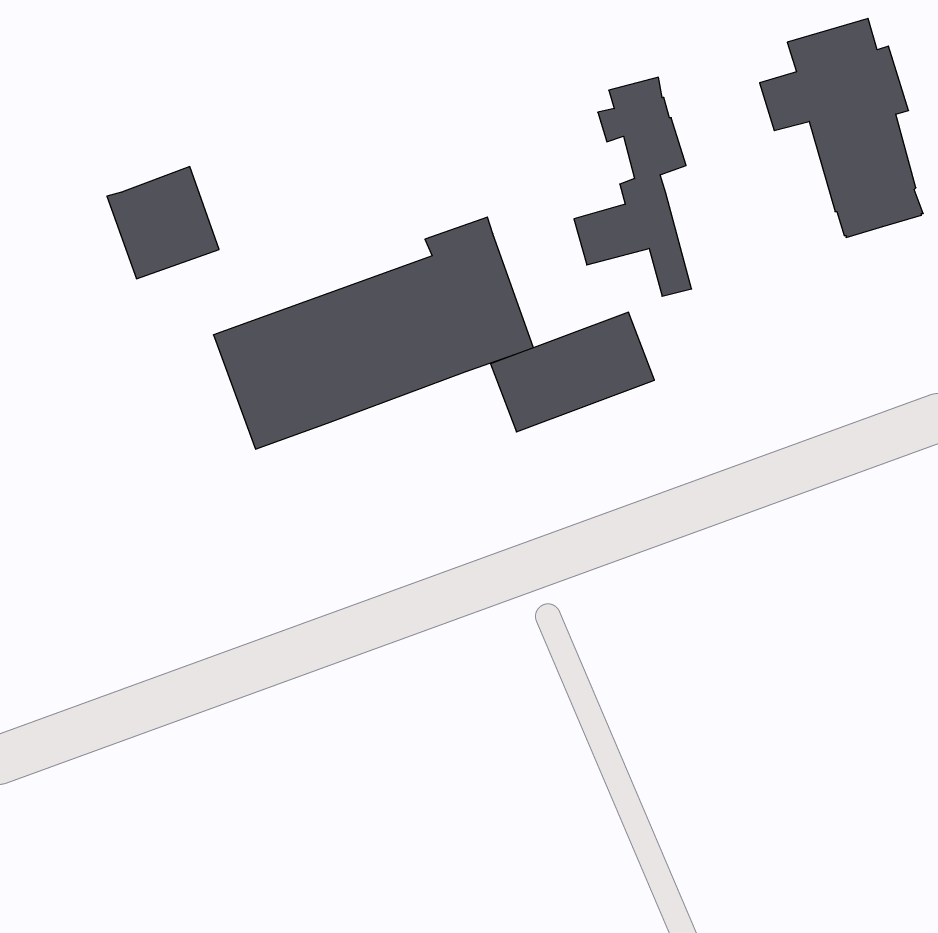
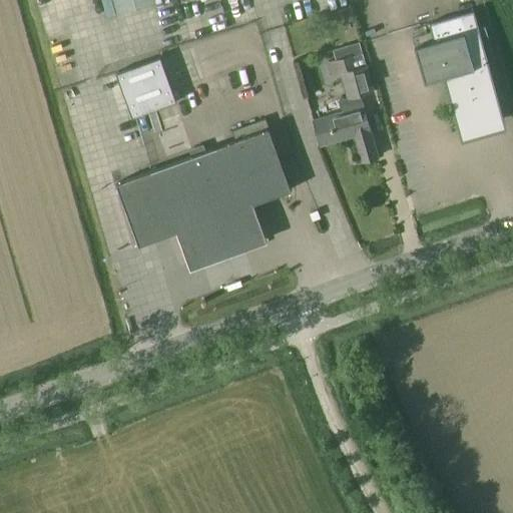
building: [107,167,219,279] -> [115,60,176,121]
building: [491,312,654,432] -> [178,206,268,272]

